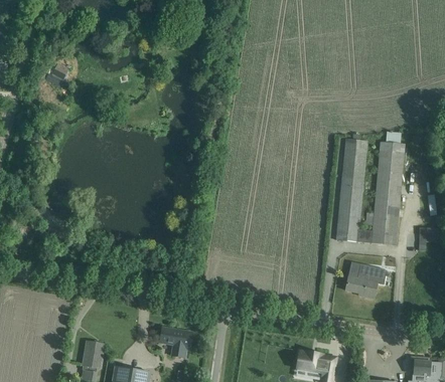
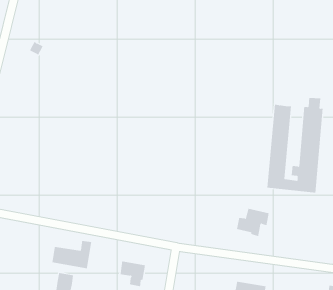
building: [346,264,387,299] -> [236,208,270,237]
building: none -> [52,240,92,269]

